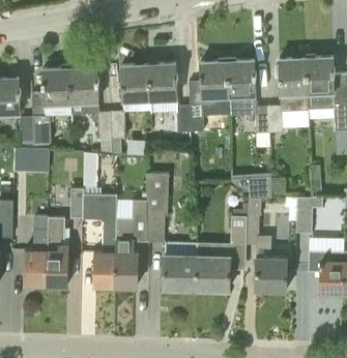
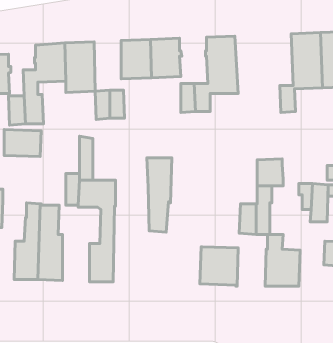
building: [226,61,268,132] -> none
building: [114,201,147,288] -> none
building: [163,242,196,290] -> none

